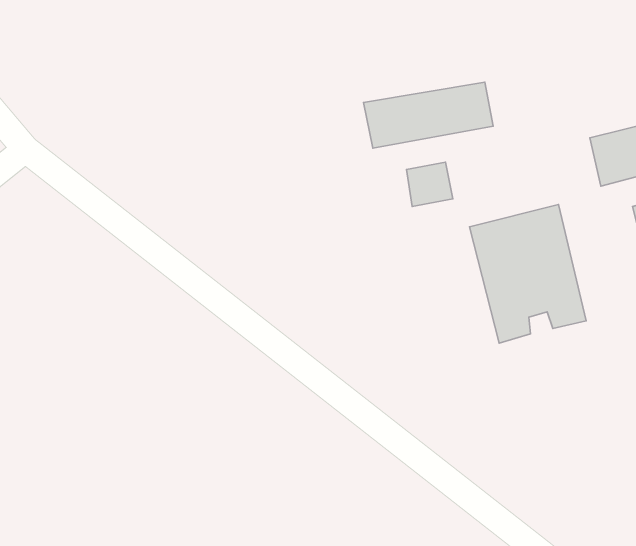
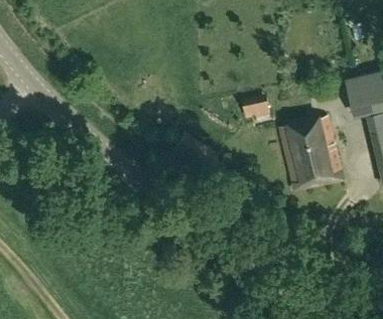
building: [364,82,493,148] -> none

